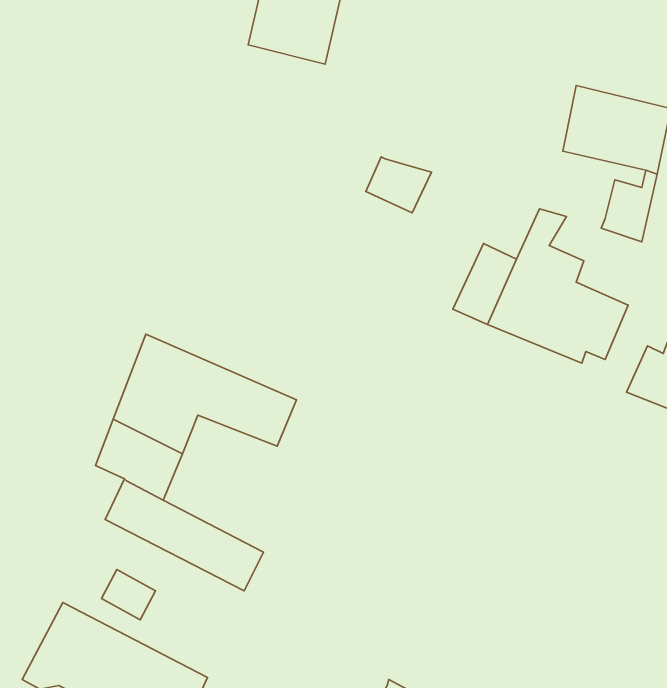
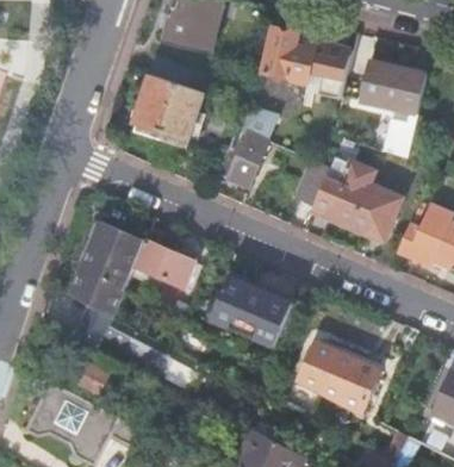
building: none -> [257,27,353,99]
building: none -> [133,75,204,149]
building: none -> [217,127,268,187]
building: none -> [211,276,292,345]
building: none -> [298,343,377,411]

